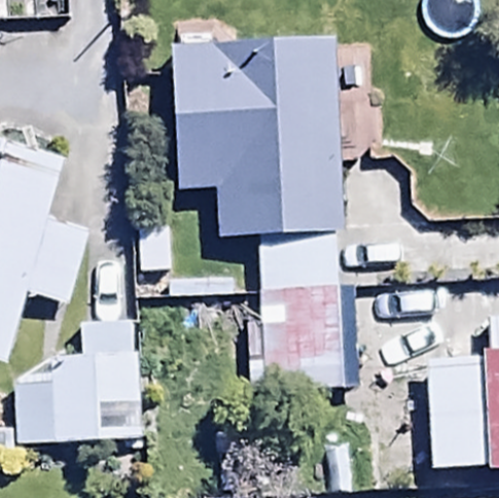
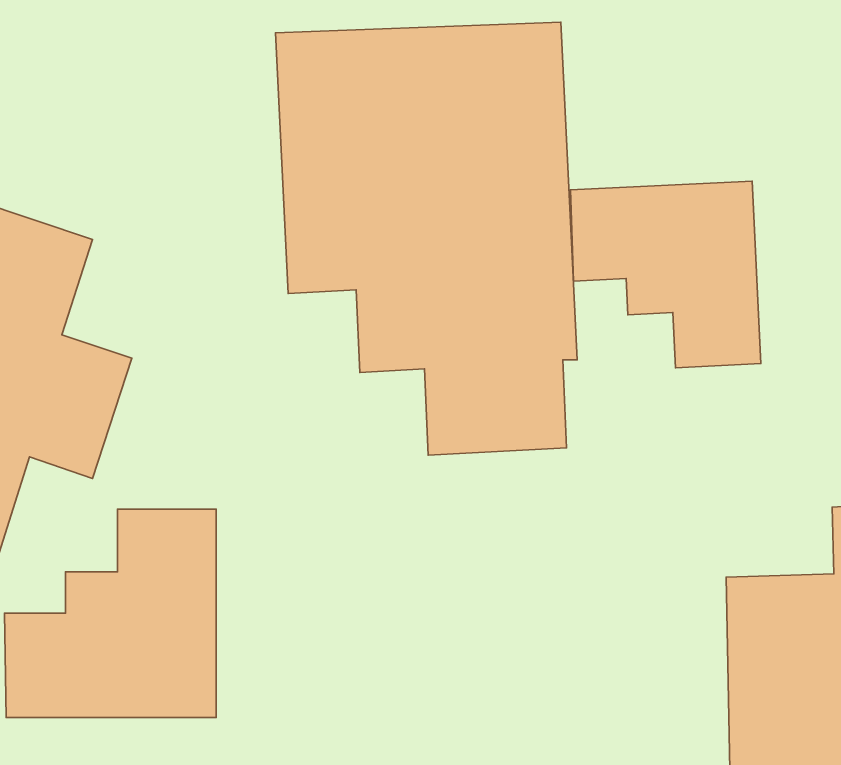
building: none -> [571,181,761,368]
building: [259,284,362,393] -> none

